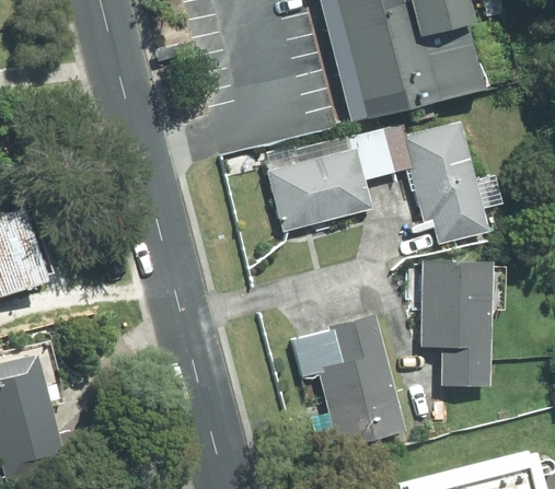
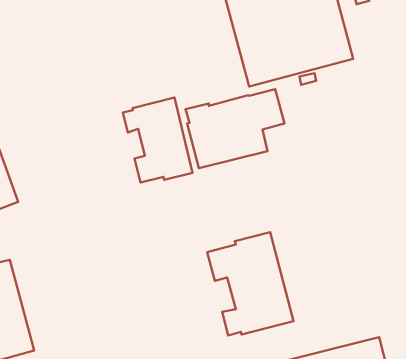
building: [382,119,488,244] -> none
building: none -> [123,98,193,182]
building: [423,259,494,386] -> none

